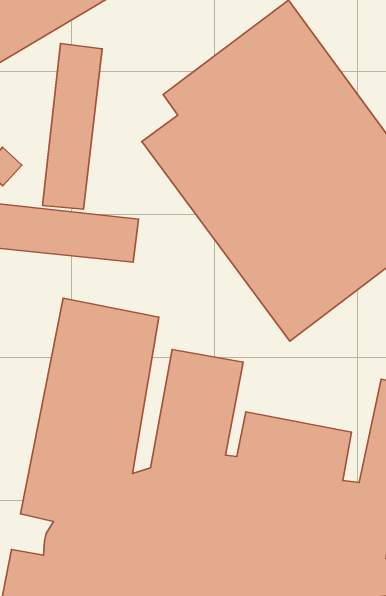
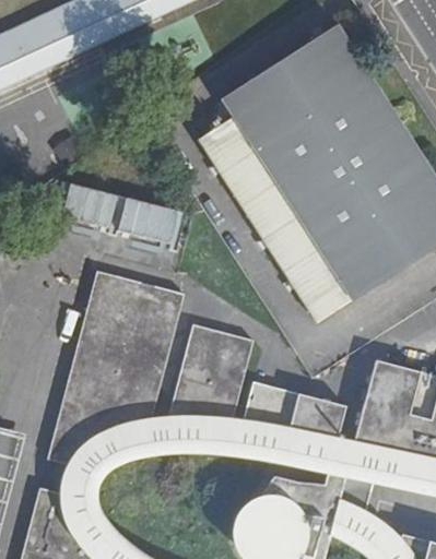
building: [43,43,102,209] -> none

